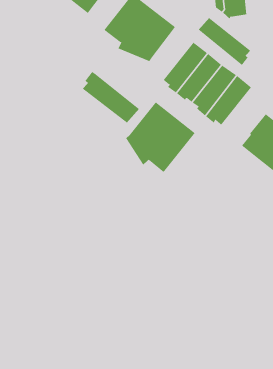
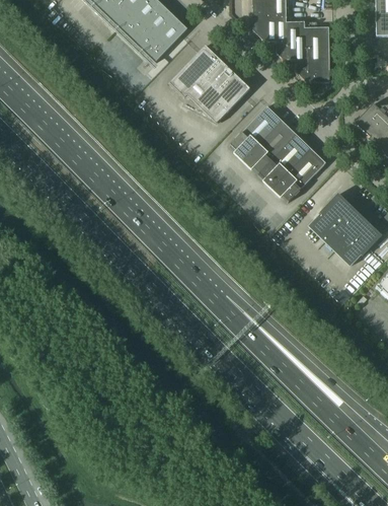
building: [198,17,251,66] -> none
building: [82,71,140,124] -> none
building: [126,102,195,173] -> none

